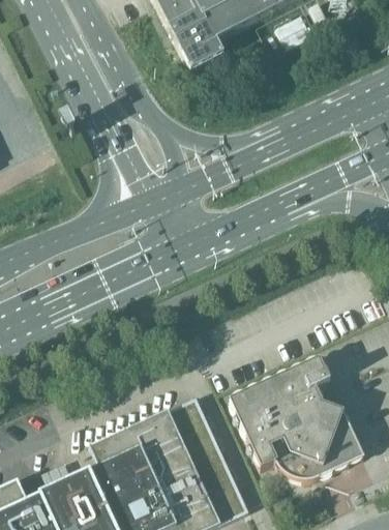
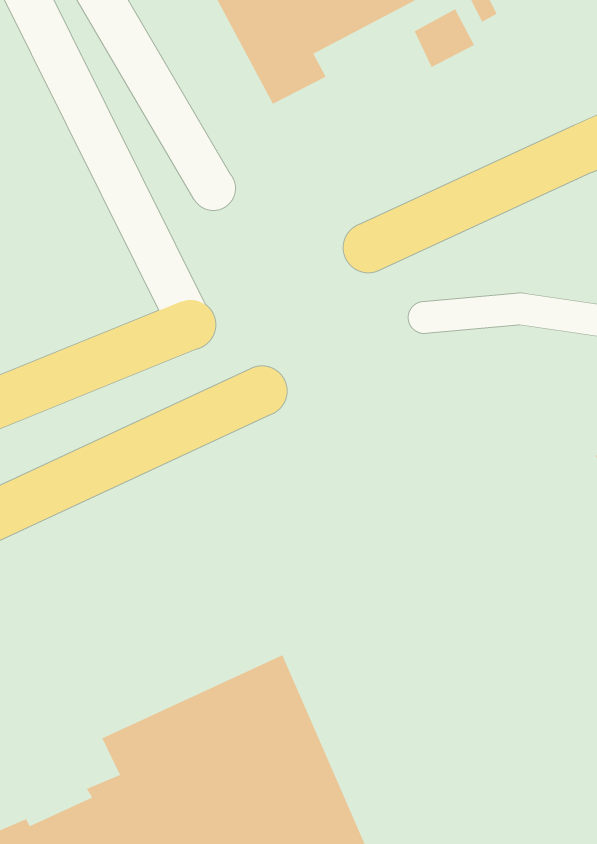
building: [230,358,364,481] -> none

